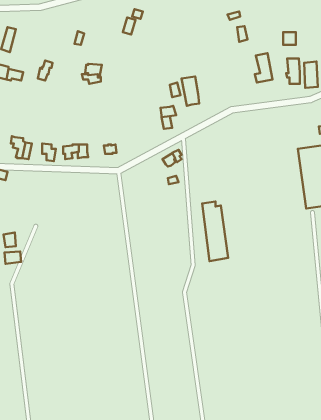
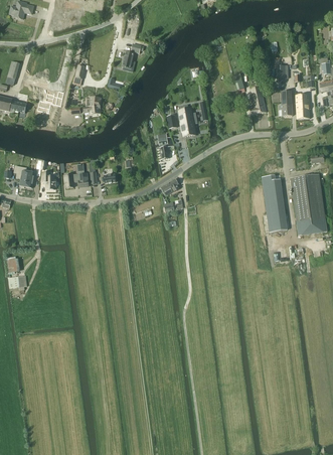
building: [202,201,228,261] -> [262,174,287,232]

